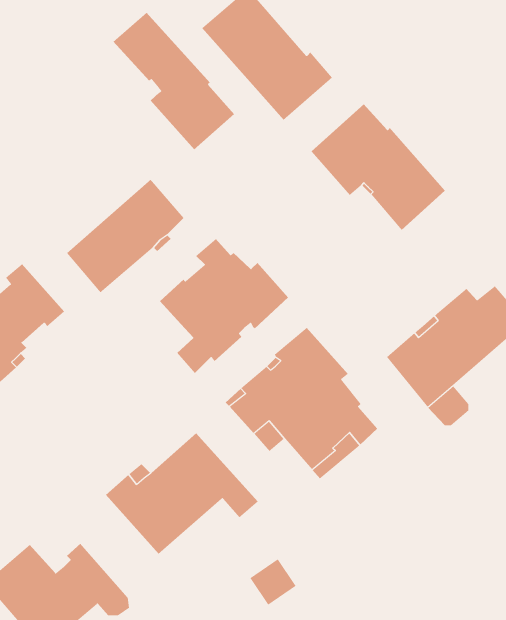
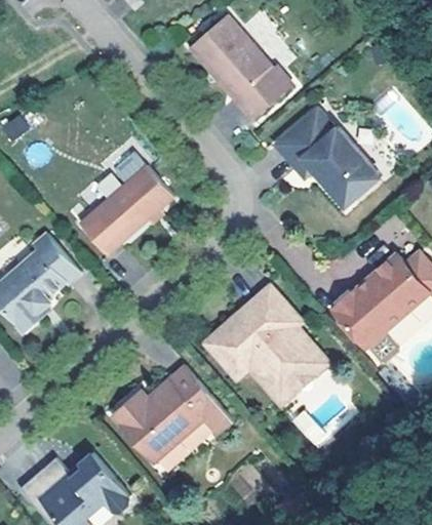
building: [113,12,235,150] -> none
building: [159,238,289,374] -> none

